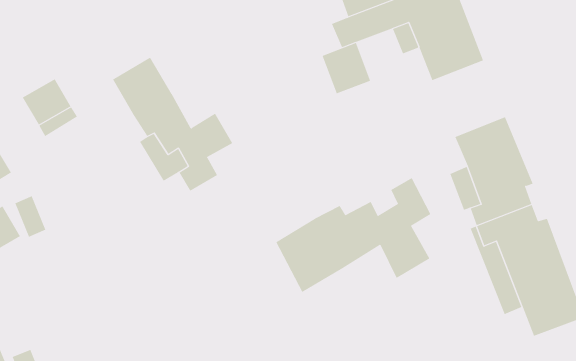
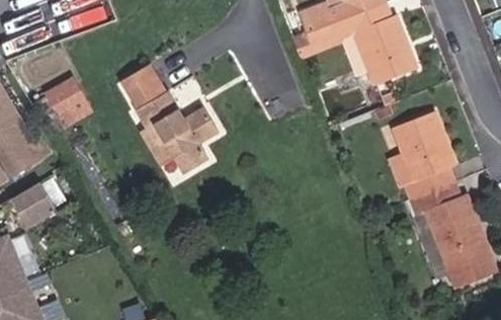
building: [322,42,371,94] -> none
building: [276,177,431,293] -> none

